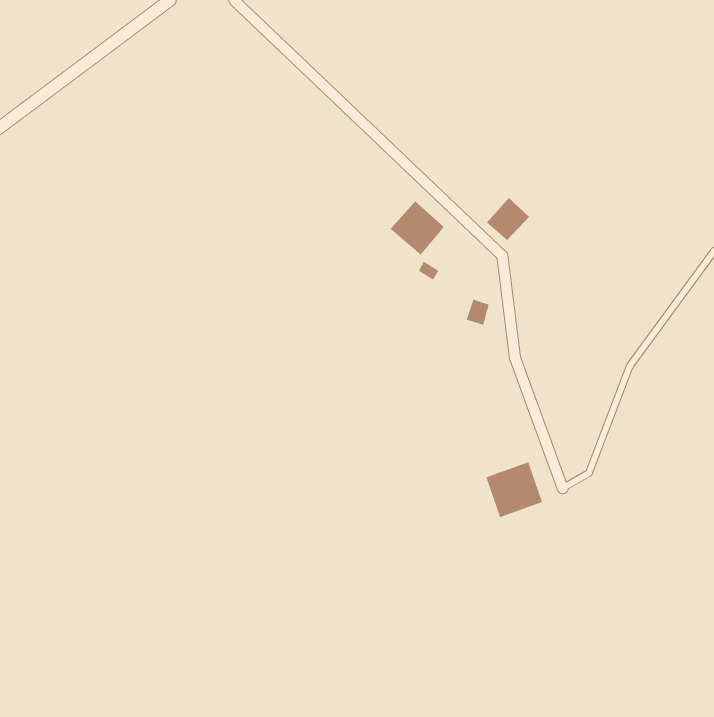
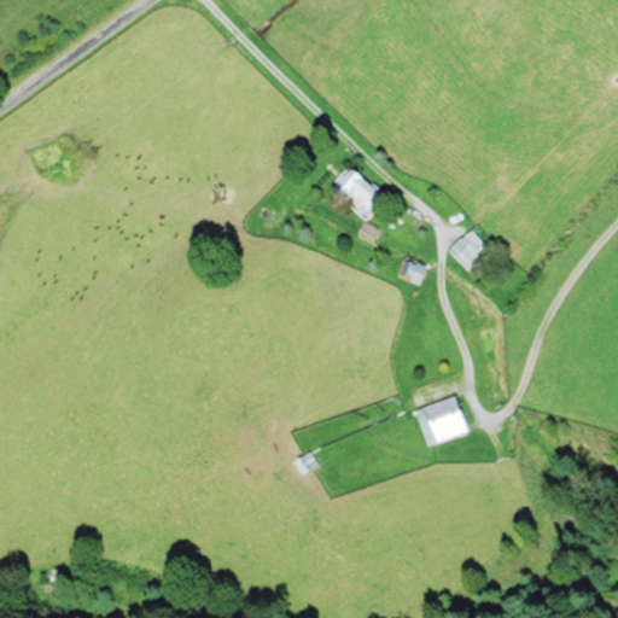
building: [486,197,530,241] -> [448,229,485,267]

